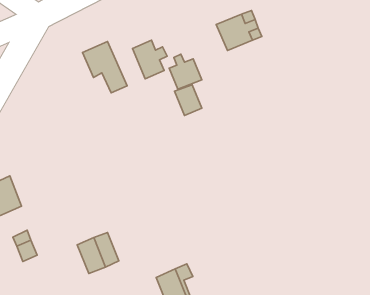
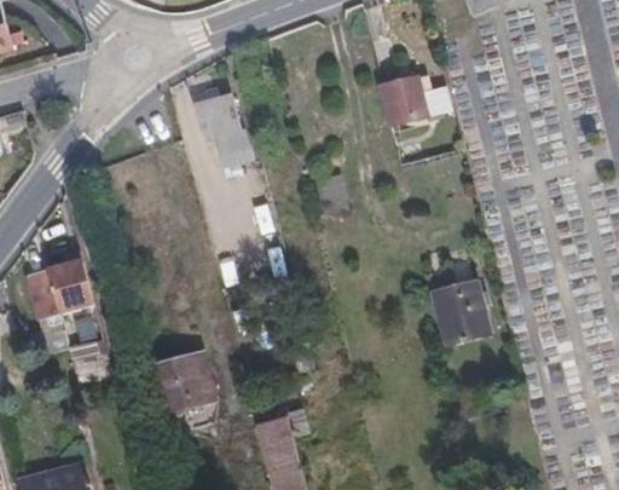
building: [132,40,167,79] -> none
building: [169,54,202,89] -> none
building: none -> [435,283,490,346]

